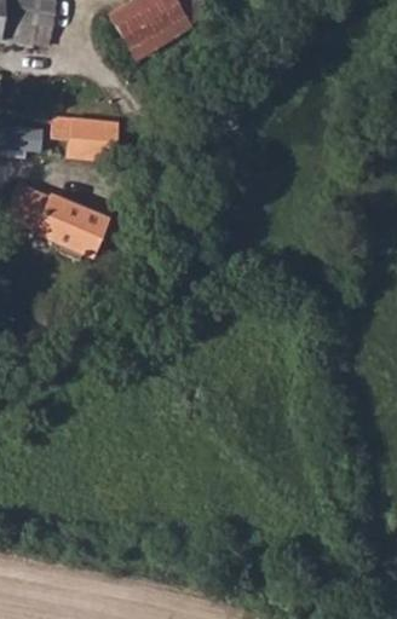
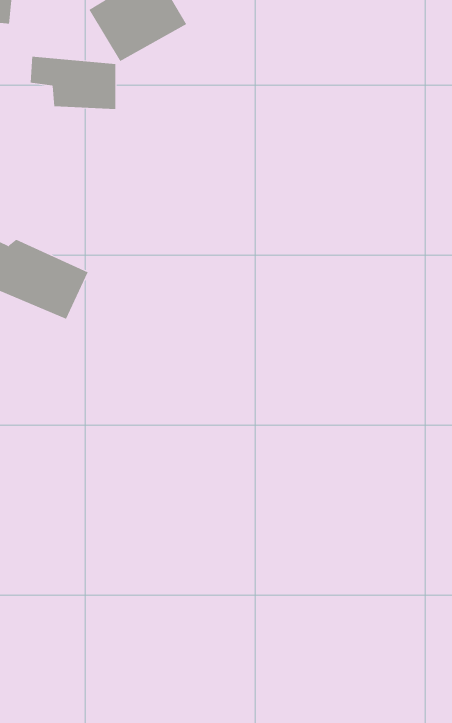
building: [51,115,117,156] -> [30,56,116,110]

